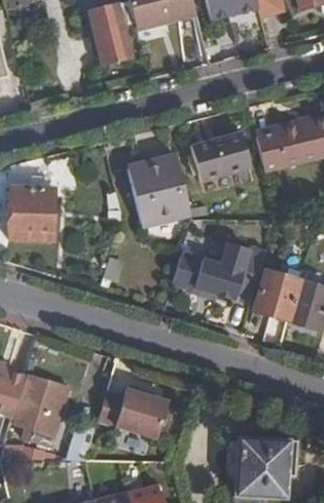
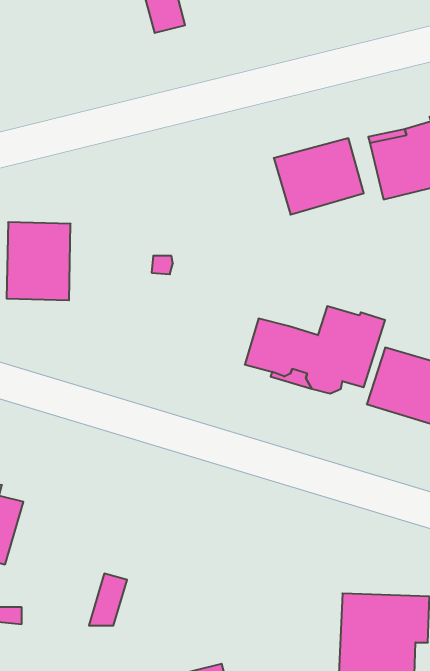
building: [129,155,191,227] -> none
building: [13,376,68,446] -> none
building: [96,388,166,436] -> none

